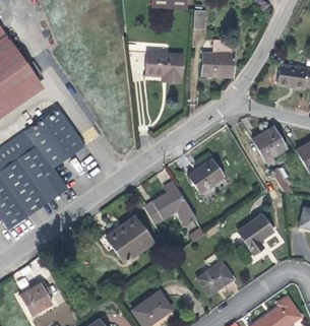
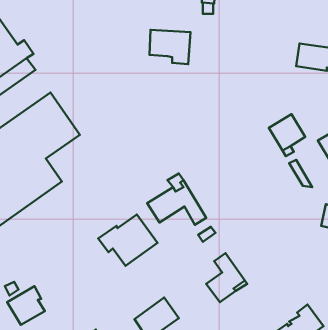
building: [202,40,235,76] -> none
building: [188,154,224,192] -> none
building: [238,214,273,254] -> none

